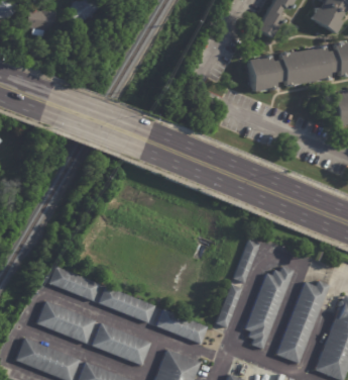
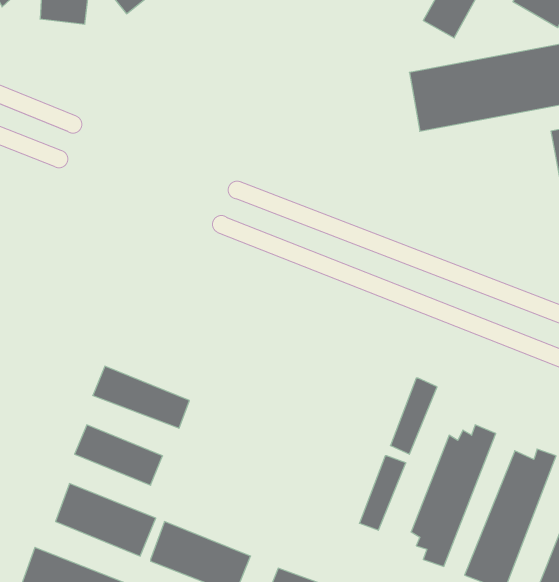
building: [97,286,153,322] -> [93,366,189,428]
building: [154,309,205,344] -> none

